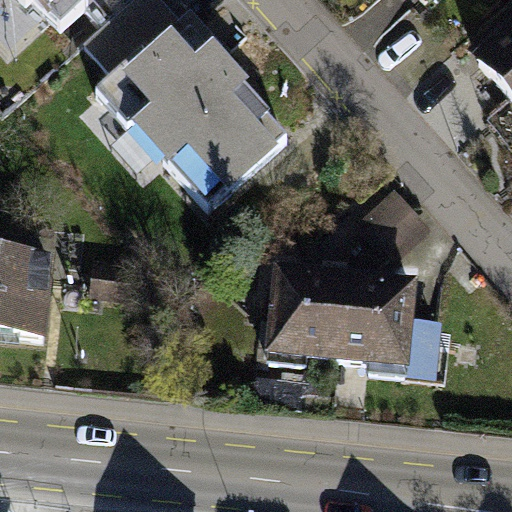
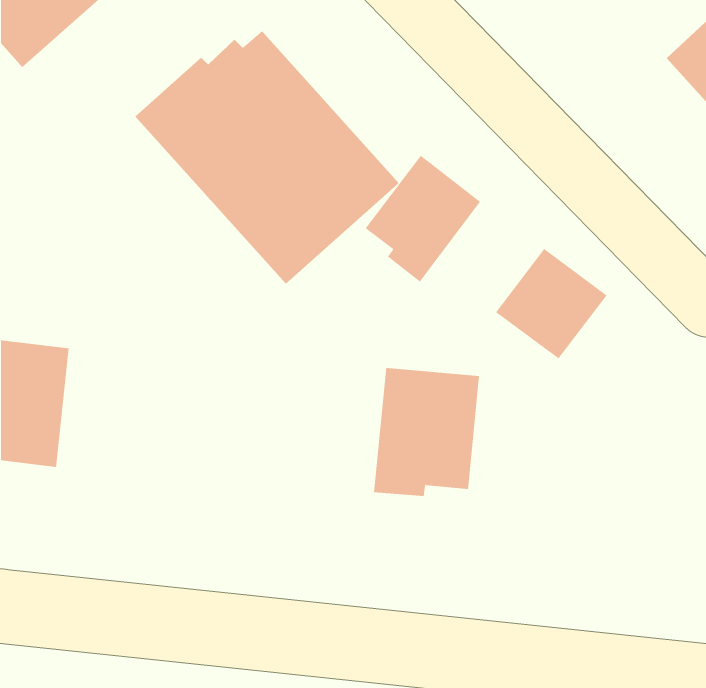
building: none -> [365,155,481,282]
building: [340,271,439,371] -> none

